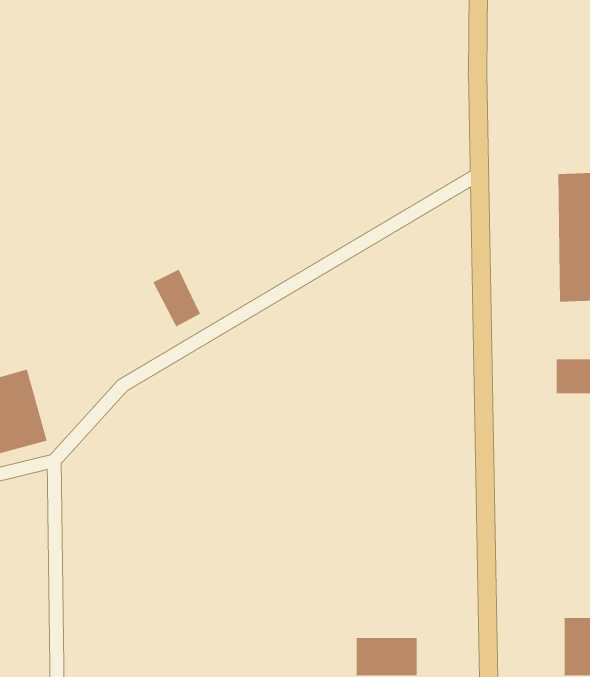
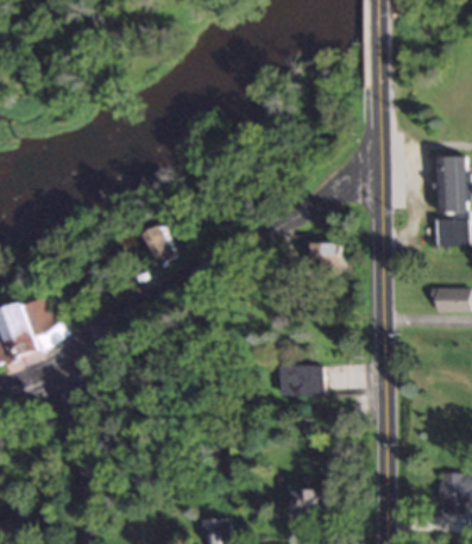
building: none -> [313,242,341,268]
building: none -> [279,364,321,394]

